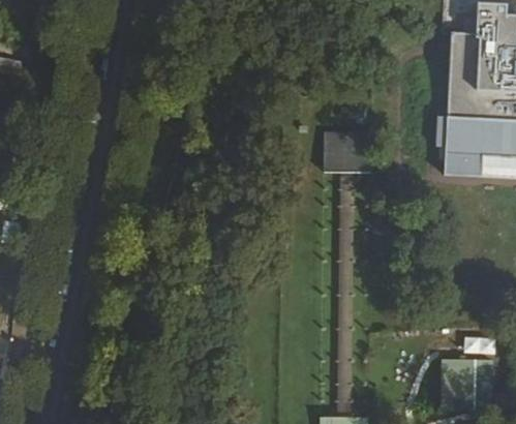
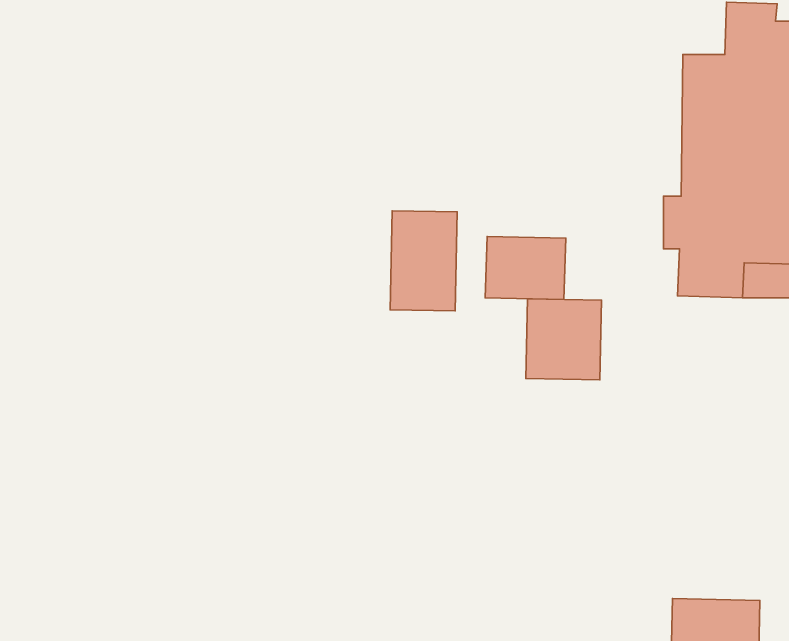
building: none -> [390,211,457,311]
building: none -> [526,299,602,380]

